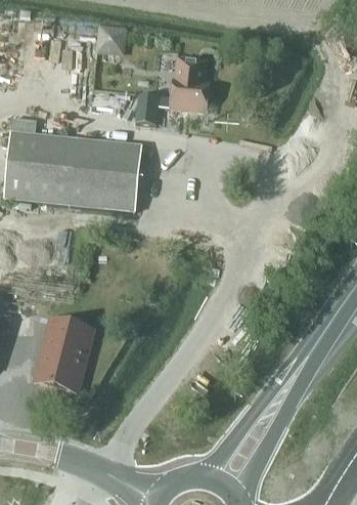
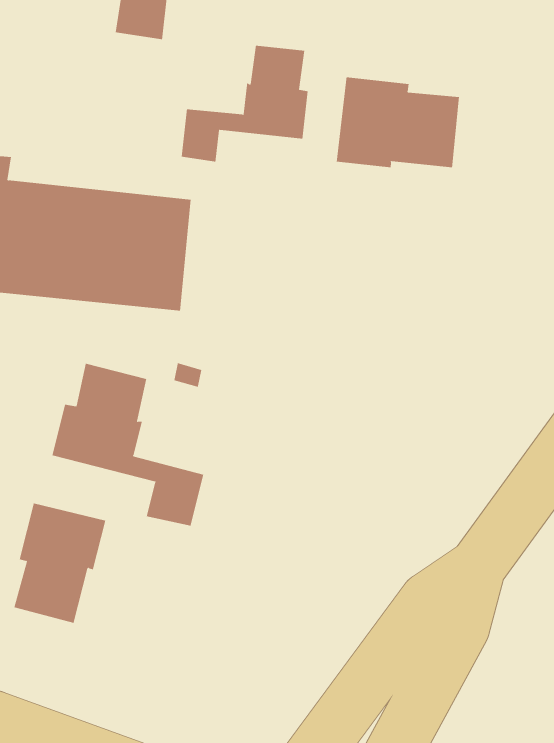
building: none -> [336,76,459,168]
building: none -> [52,363,204,526]

